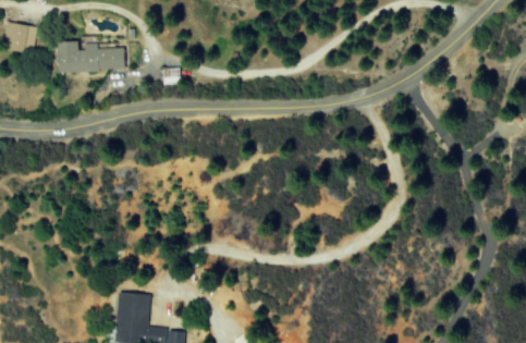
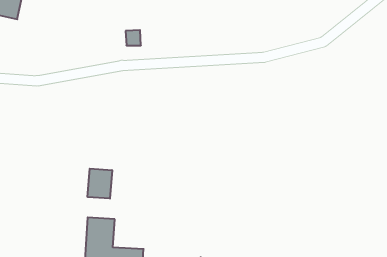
building: [57,40,125,72] -> none
building: none -> [88,169,112,199]

